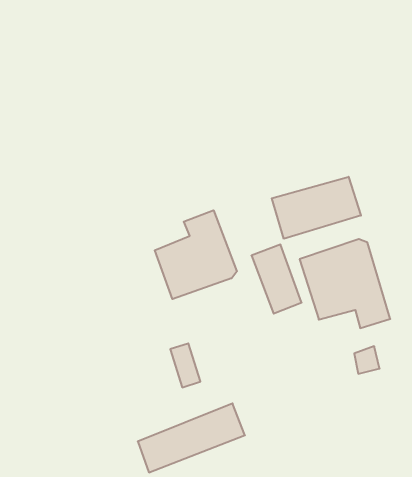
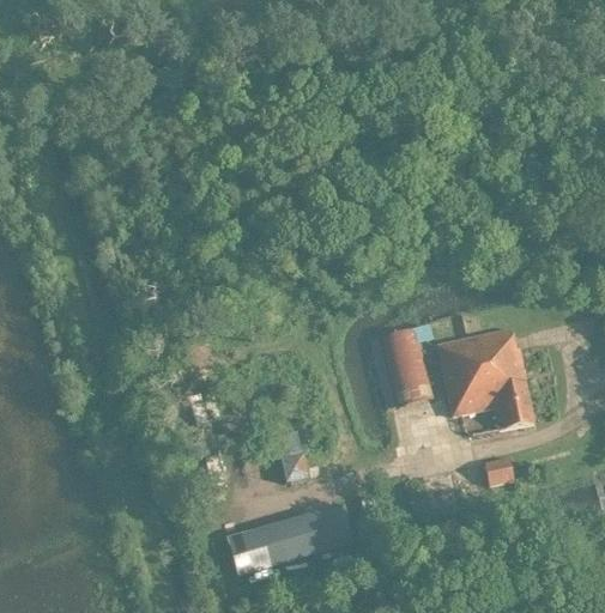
building: [272,177,361,239] -> none
building: [155,210,237,299] -> none

